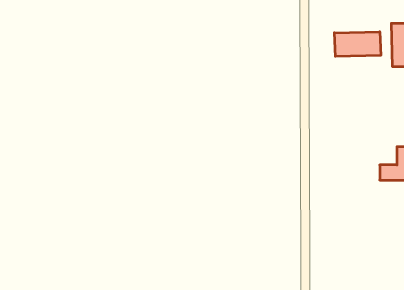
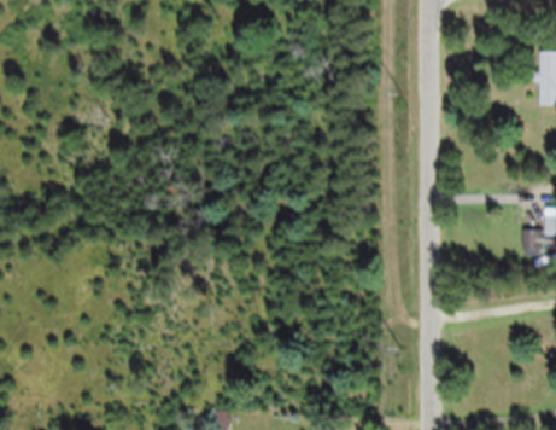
building: [334,32,381,56] -> none

